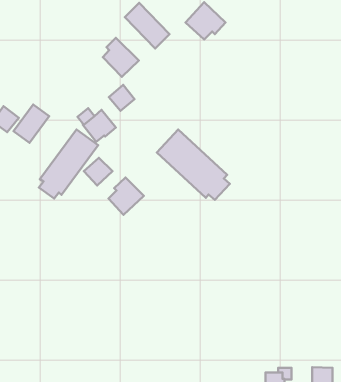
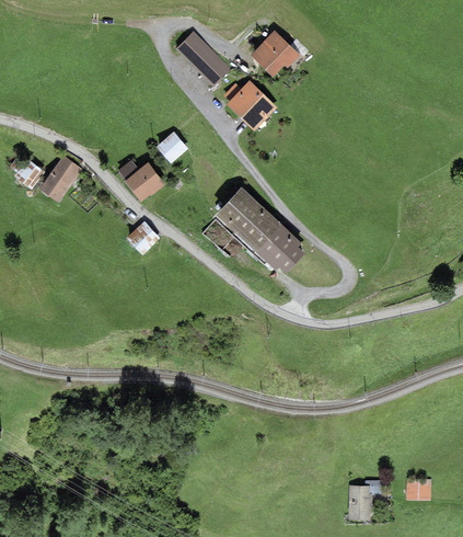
building: [103,38,139,77] -> none
building: none -> [225,80,276,130]
building: [39,129,98,198] -> none
building: [109,177,144,215] -> none

